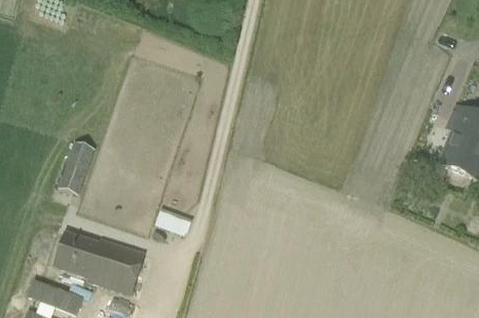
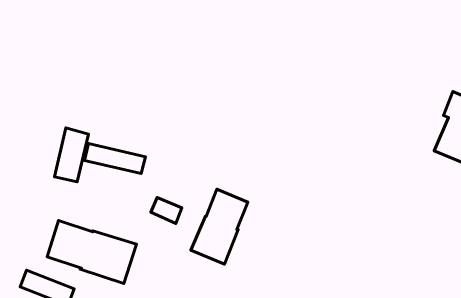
building: none -> [84,144,145,174]
building: none -> [191,189,248,264]

